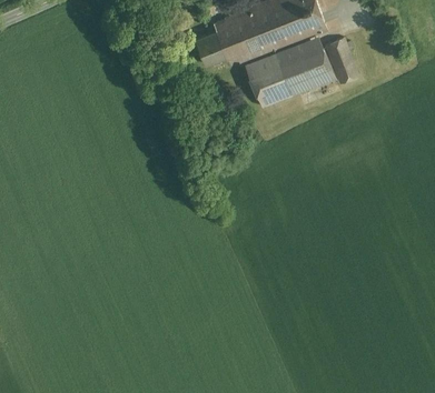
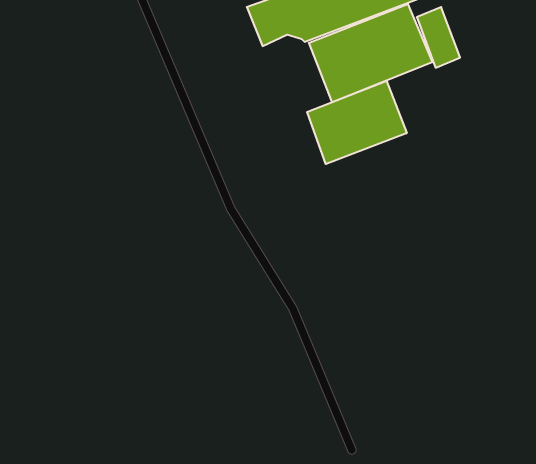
building: none -> [307,81,407,164]

